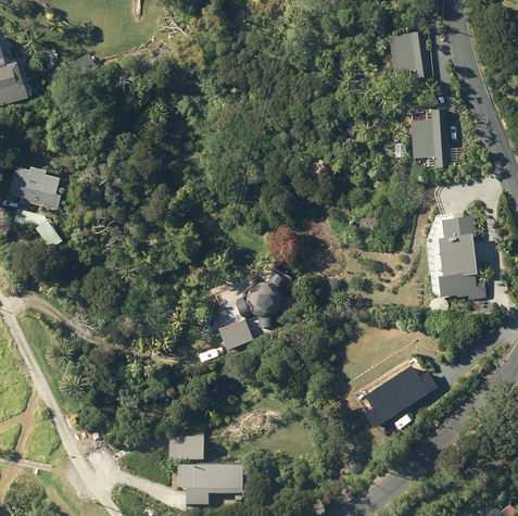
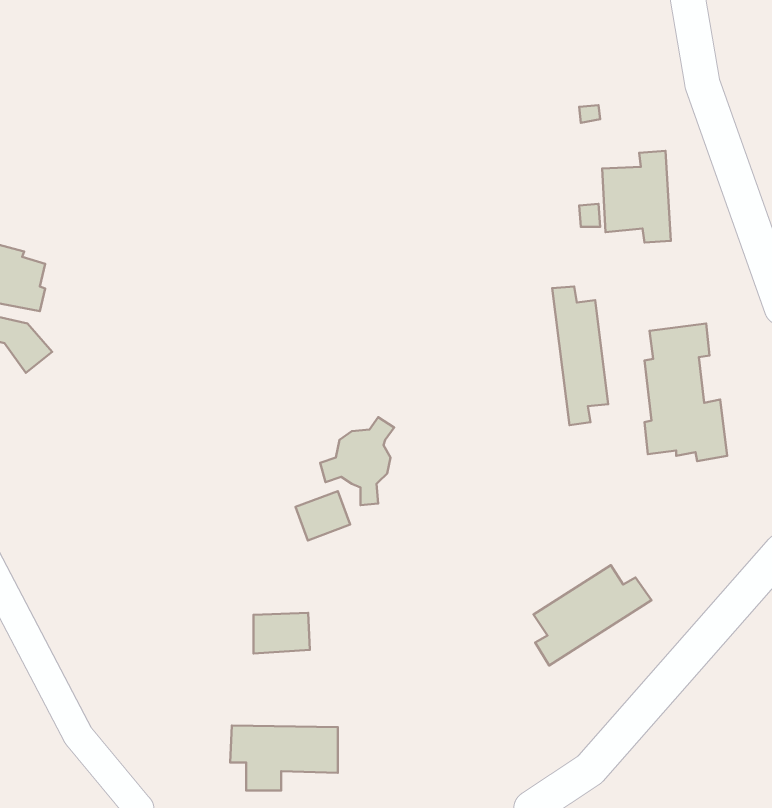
building: [384,30,430,80] -> none
building: none -> [552,286,608,425]
building: [169,436,204,461] -> [254,613,310,653]

